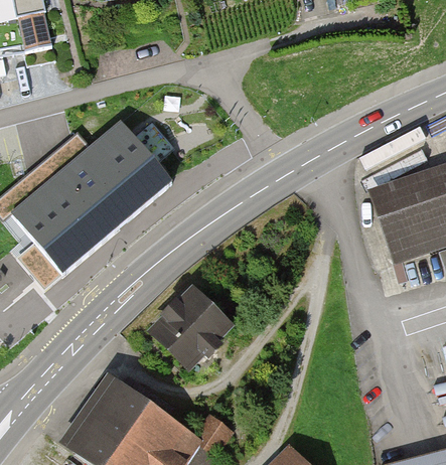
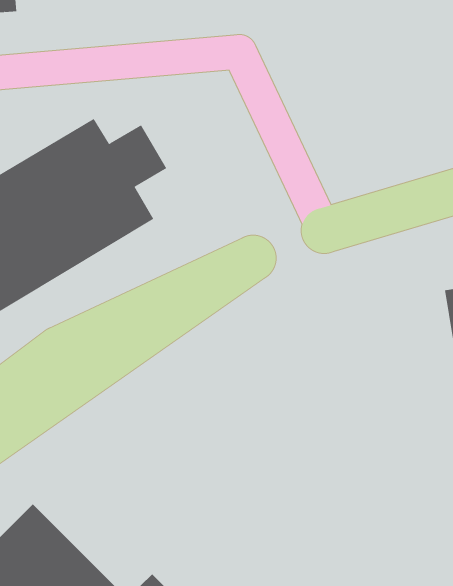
building: [152,290,228,365] -> none

